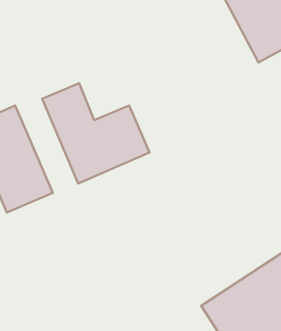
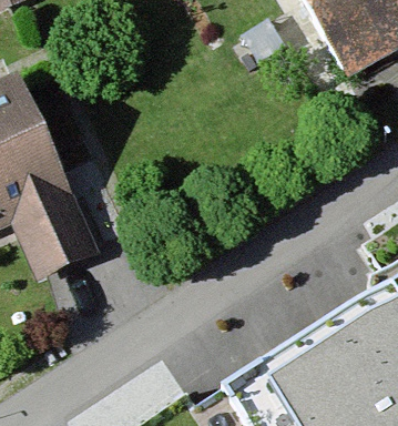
building: [42,83,150,183] -> none

